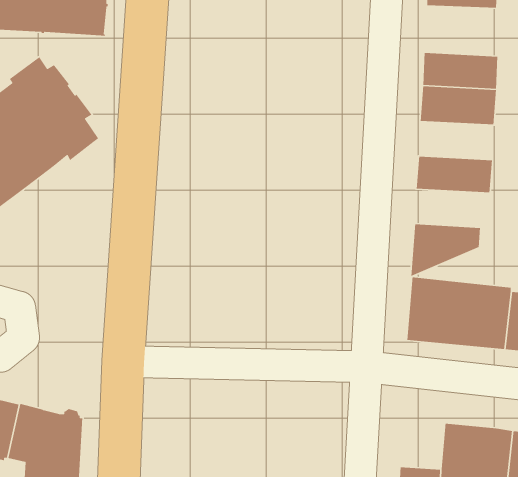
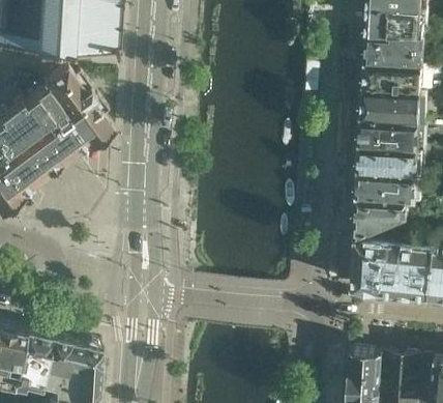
building: none -> [363,26,423,65]
building: none -> [359,116,424,147]
building: none -> [356,169,415,199]
building: none -> [345,348,380,387]

